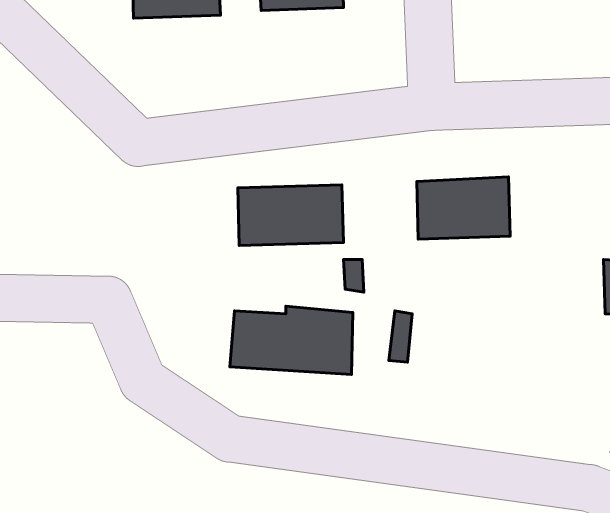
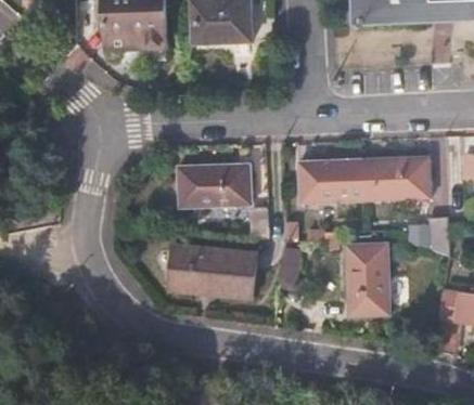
building: none -> [363,156,430,199]
building: none -> [347,247,392,319]

